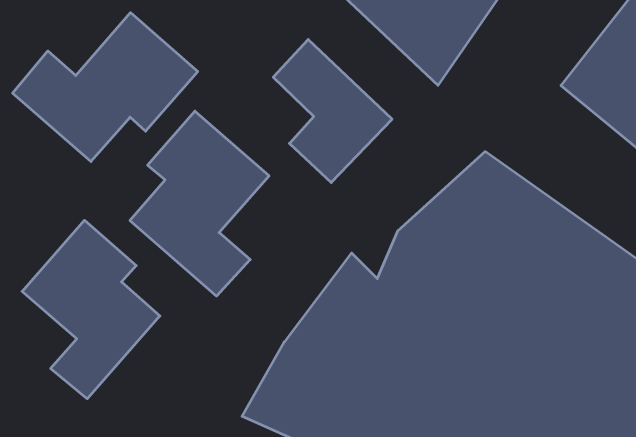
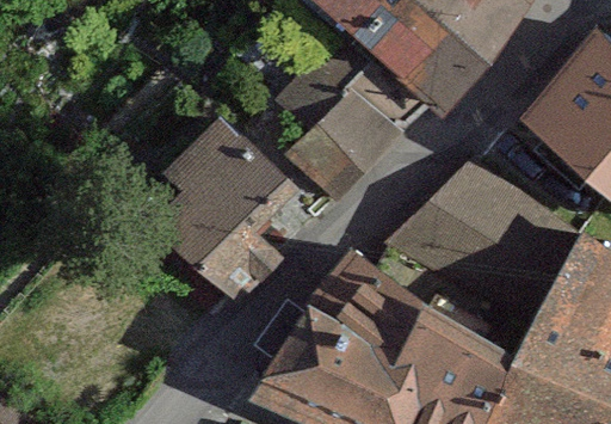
building: [13,13,198,162] -> none
building: [22,220,160,399] -> none

